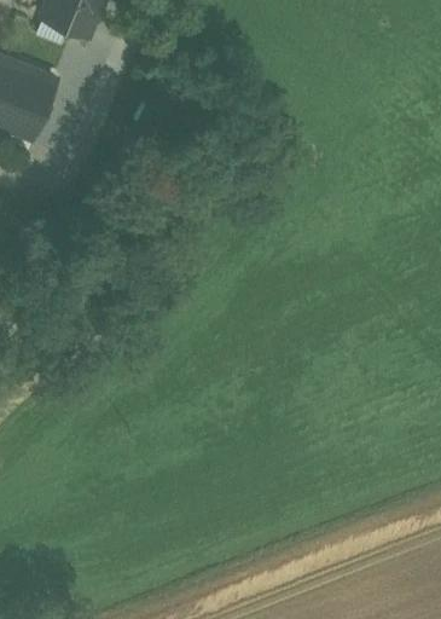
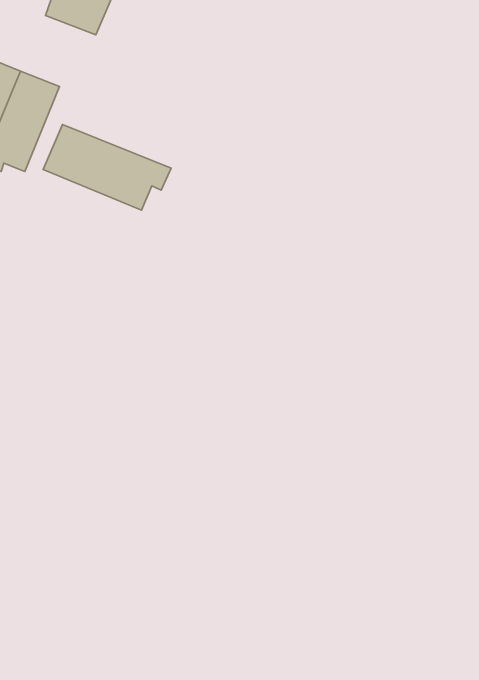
building: none -> [43,124,171,210]

